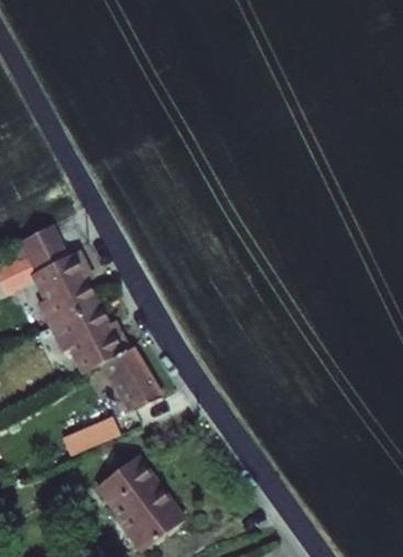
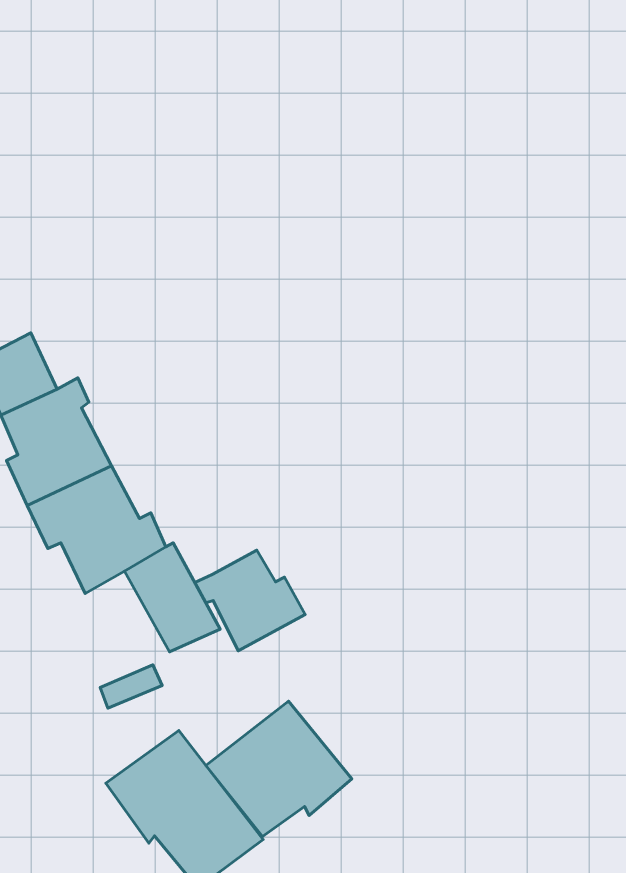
building: none -> [195,550,305,651]
building: none -> [206,701,352,836]

